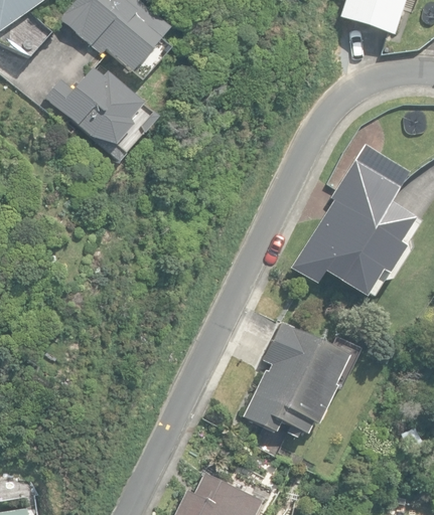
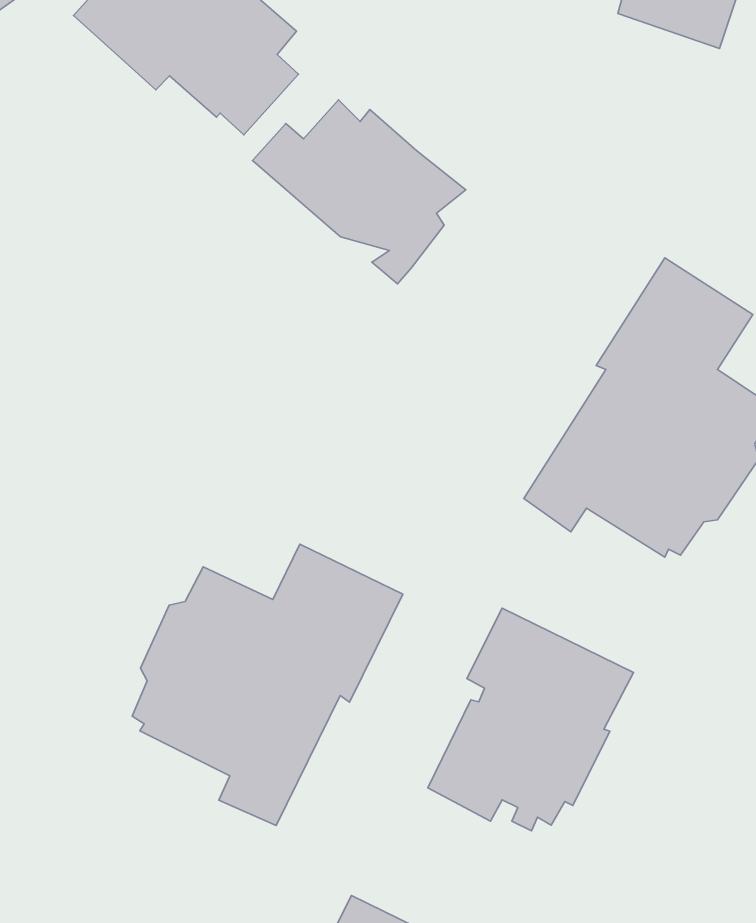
building: [46,66,156,161] -> [252,100,466,284]
building: none -> [132,544,403,825]

